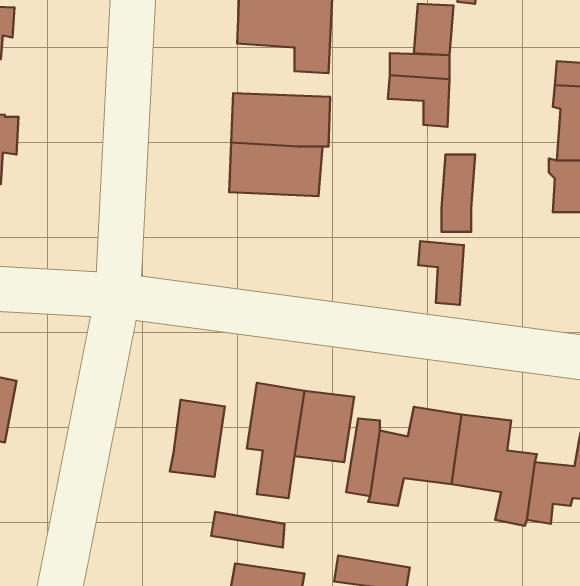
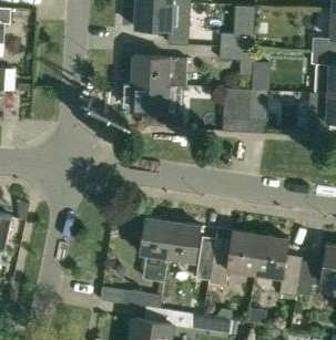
building: [418,241,464,305] -> [225,87,251,123]
building: [170,400,225,477] -> none

